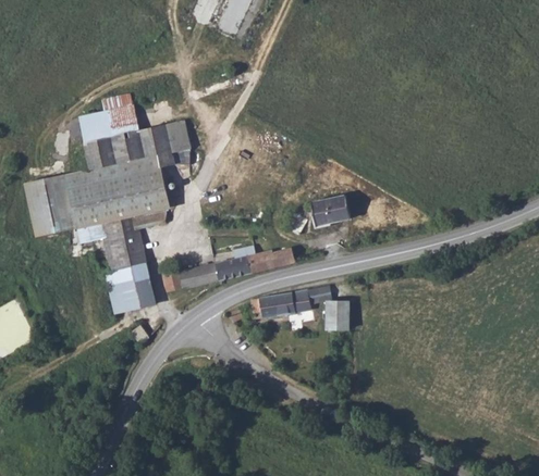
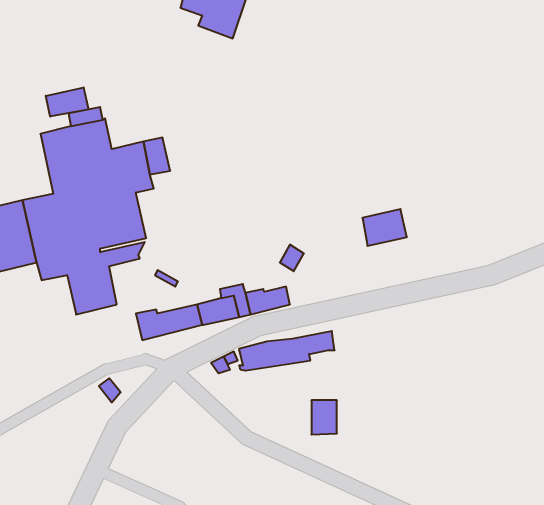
building: none -> [46,87,89,117]
building: [310,195,348,226] -> [362,209,407,246]
building: [105,262,155,312] -> none
building: [327,301,348,330] -> [311,400,337,435]

